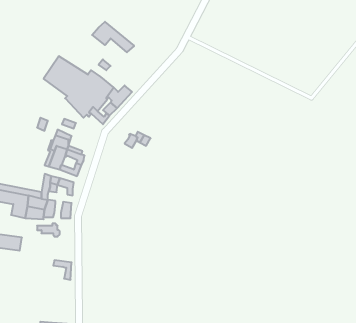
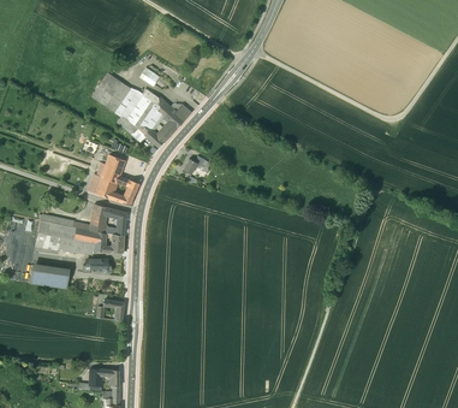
building: [92,22,134,52] -> none

